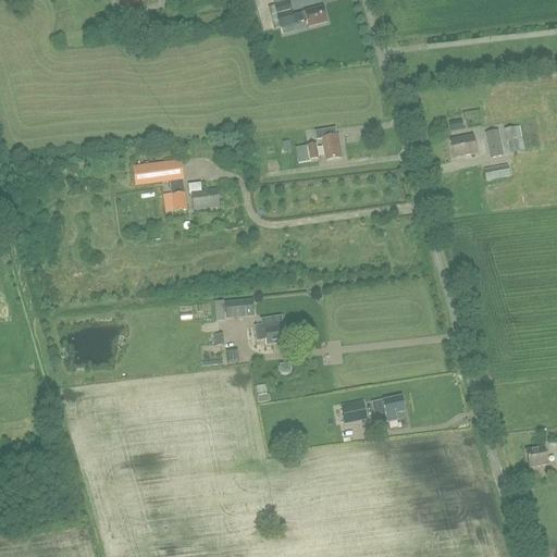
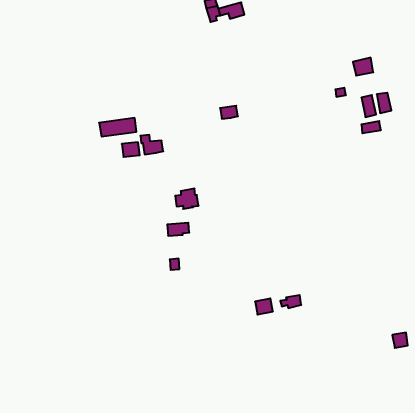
building: [315,127,341,158] -> none
building: [449,132,476,156] -> [353,58,373,76]
building: [255,314,286,342] -> [175,189,199,209]

